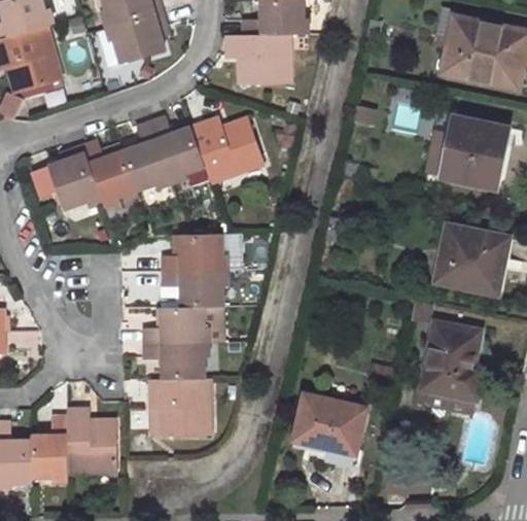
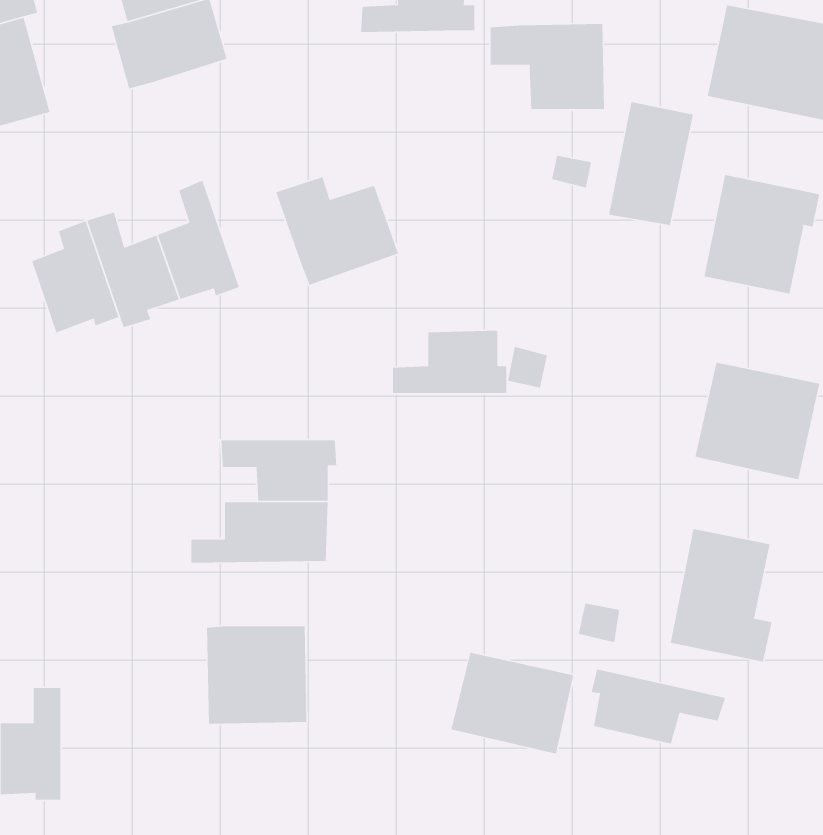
building: [224,33,291,83] -> [490,23,605,110]
building: none -> [608,101,694,226]
building: [149,114,205,182] -> none
building: [160,234,226,271] -> [392,330,507,394]
building: [142,342,209,379] -> none
building: none -> [591,669,726,744]
building: [67,407,116,472] -> none

